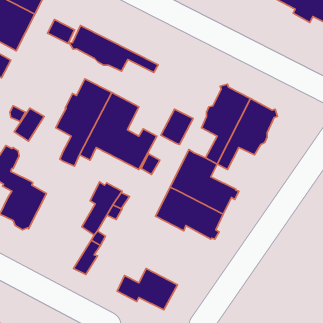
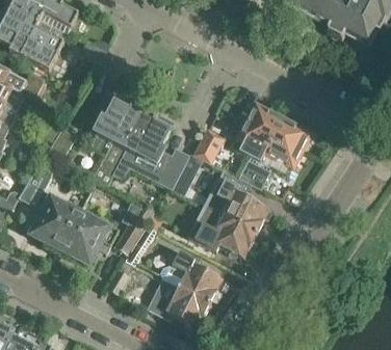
building: [69,25,158,73] -> none
building: none -> [61,212,119,262]
building: none -> [161,250,225,303]

